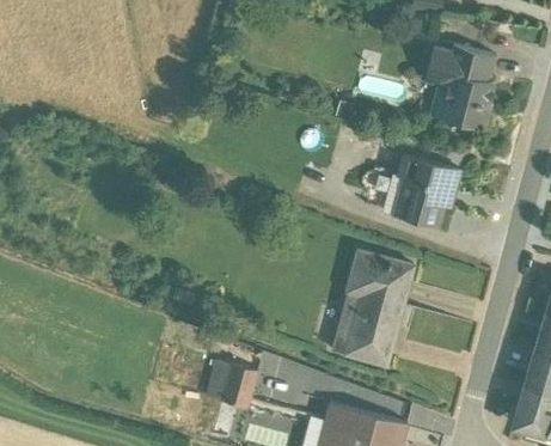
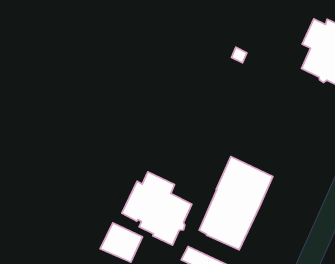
building: [382,155,463,230] -> none
building: none -> [122,172,192,245]

